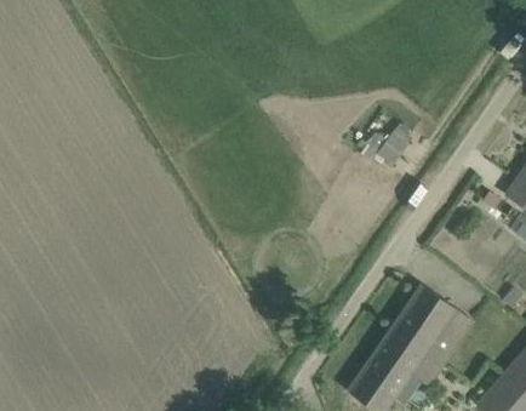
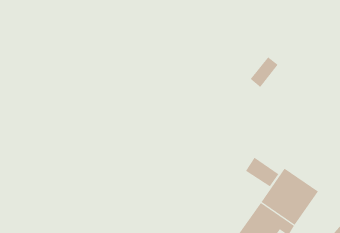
building: none -> [245,157,279,187]

